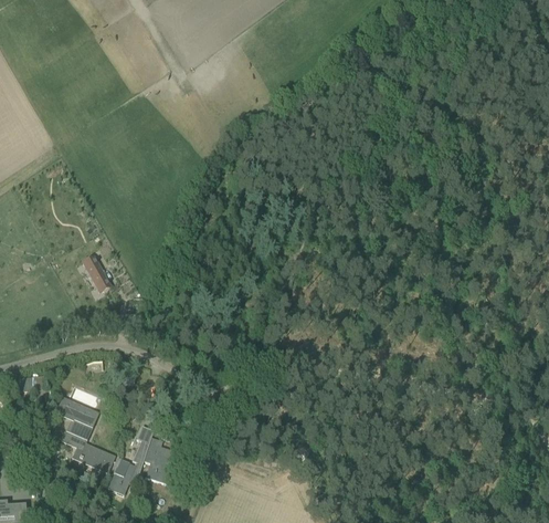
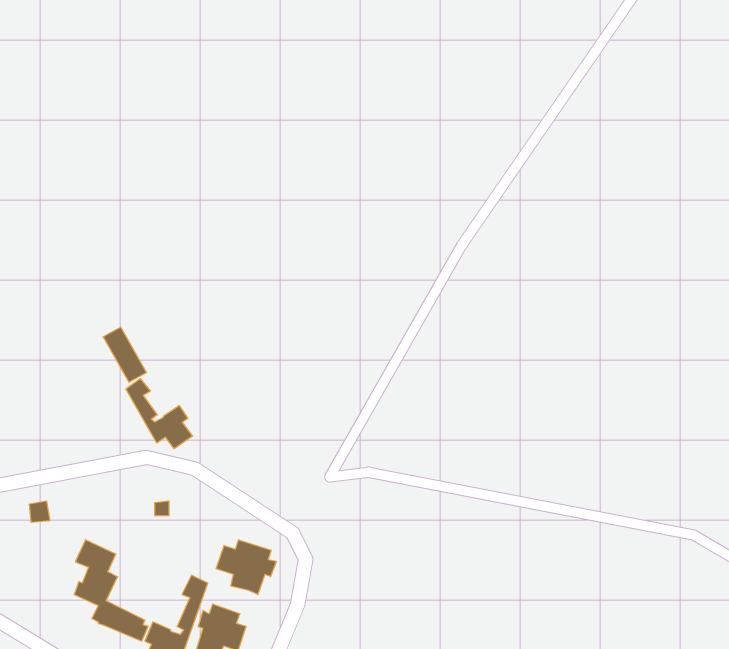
building: none -> [126,379,193,449]
building: none -> [216,540,276,595]

